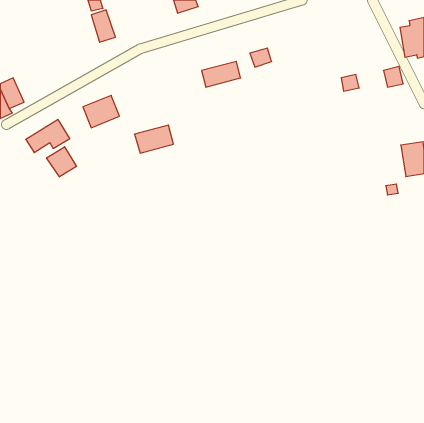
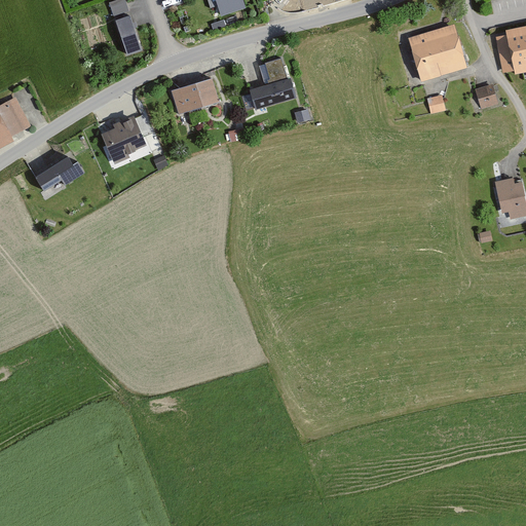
building: none -> [409,24,469,80]
building: [250,48,272,67] -> [262,59,289,82]
building: [134,125,173,153] -> [172,77,220,112]
building: [47,147,76,177] -> none

